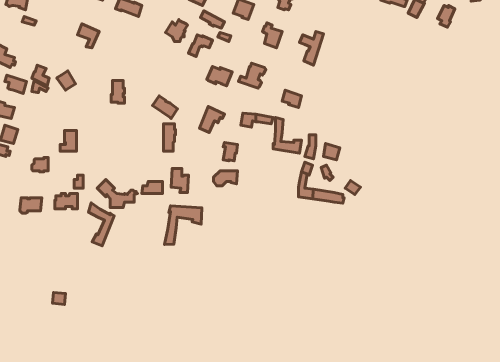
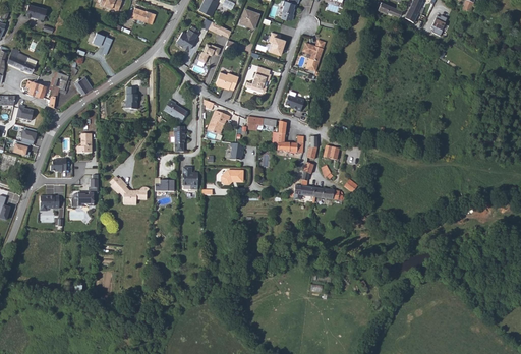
building: [88,203,114,246] -> none
building: [164,206,202,245] -> none

